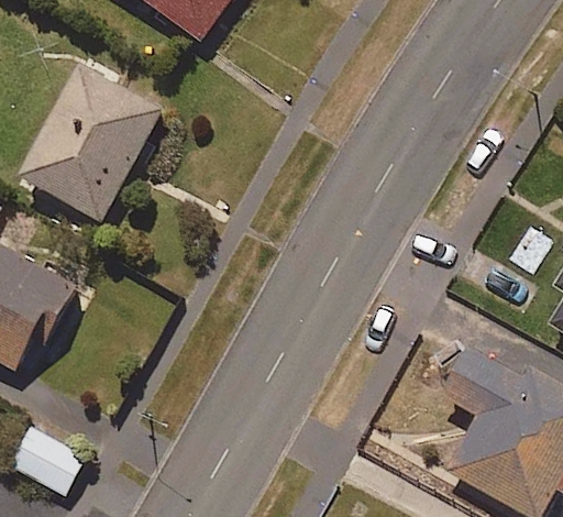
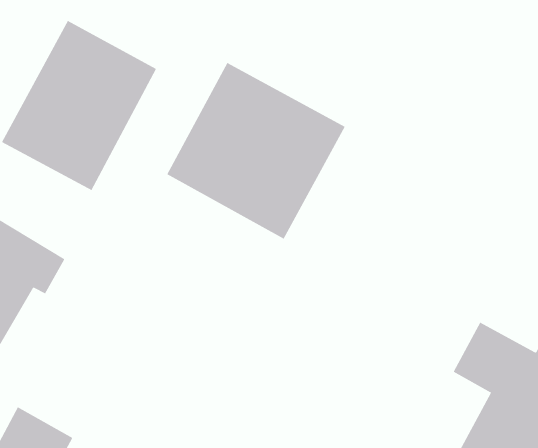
building: none -> [167,62,346,240]

